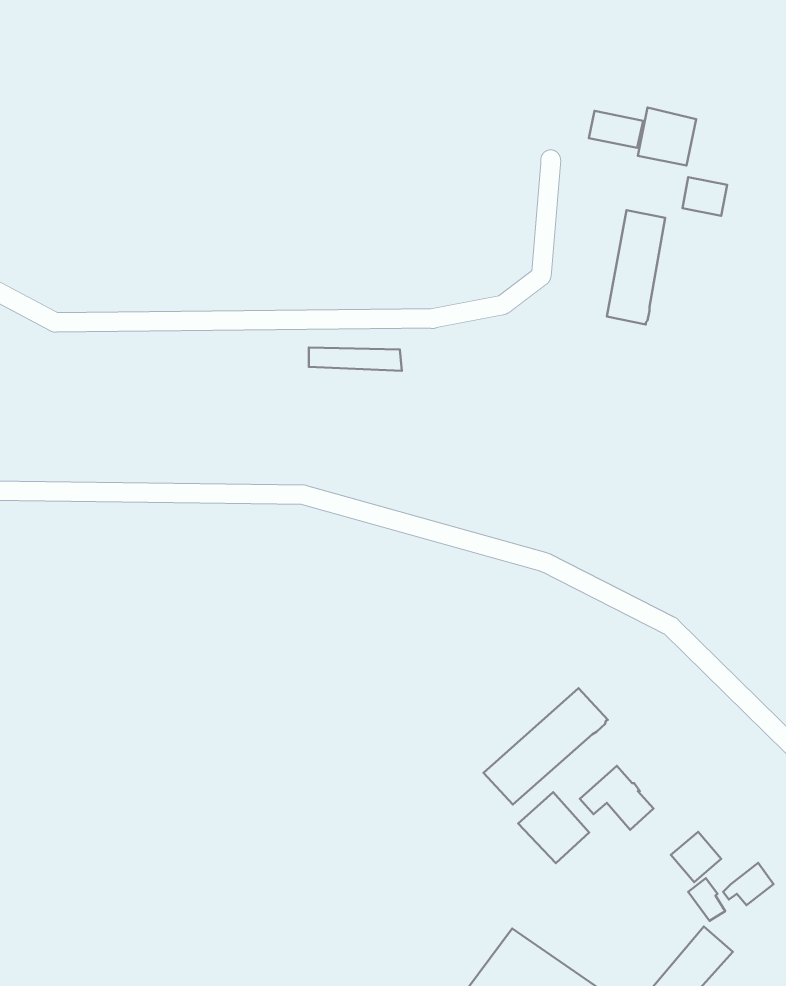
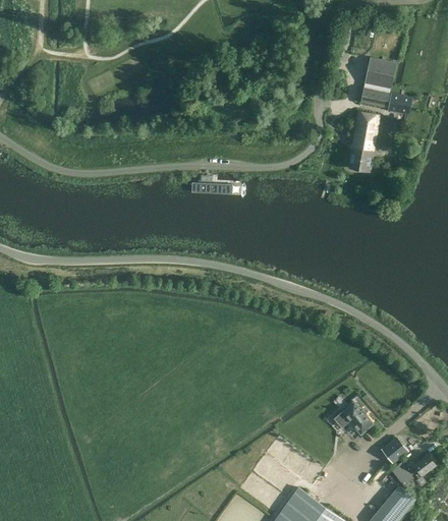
building: [589,111,643,148] -> [359,88,388,107]
building: [484,688,608,805] -> none
building: [518,792,589,863] -> none

